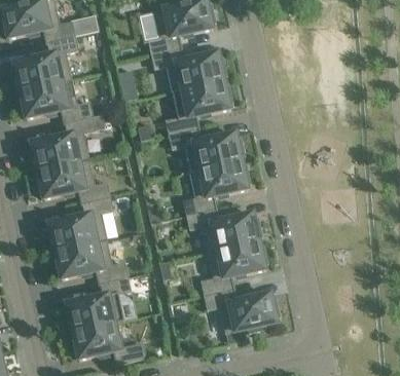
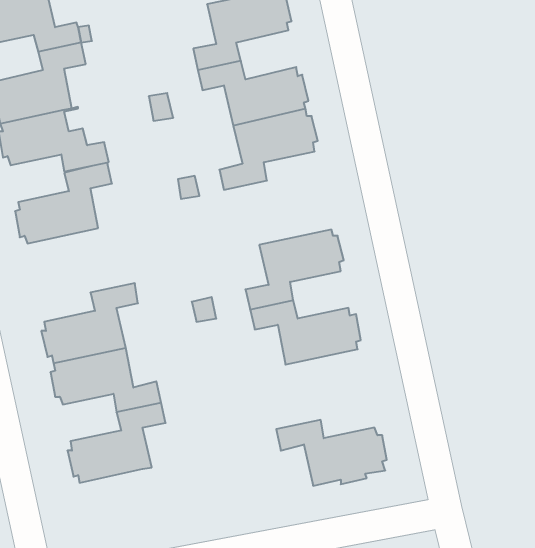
building: [170,127,244,171] -> none
building: [35,159,110,202] -> none
building: [202,240,267,294] -> none
building: [71,321,148,363] -> none

